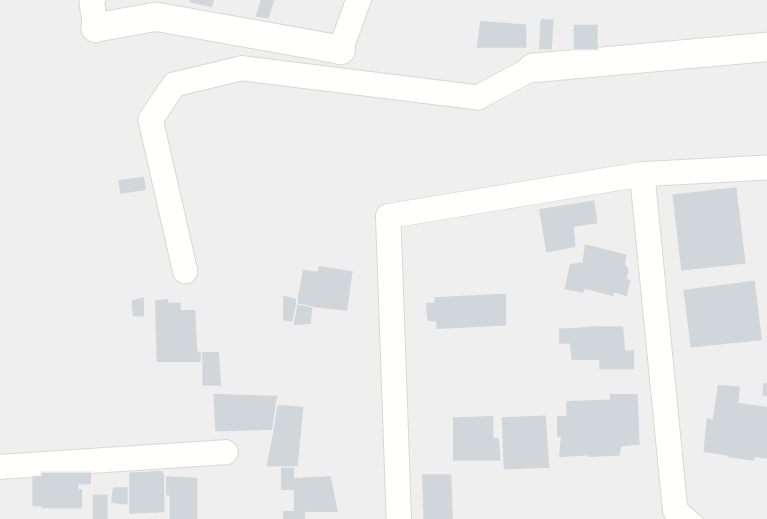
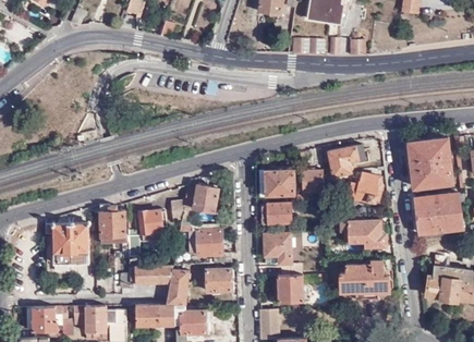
building: none -> [260,163,295,196]
building: none -> [302,170,325,193]
building: none -> [138,208,168,239]
building: none -> [47,223,90,265]
building: none -> [181,225,232,264]
building: none -> [207,269,232,291]
building: [501,415,550,470] -> [264,232,293,265]
building: none -> [137,305,175,327]

